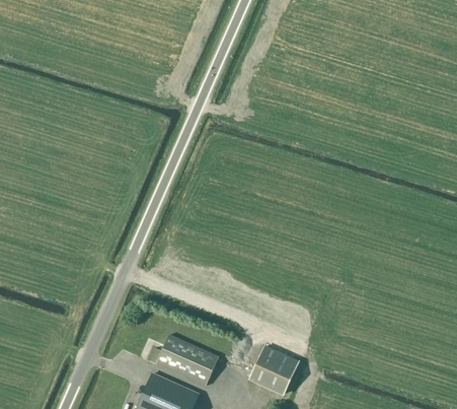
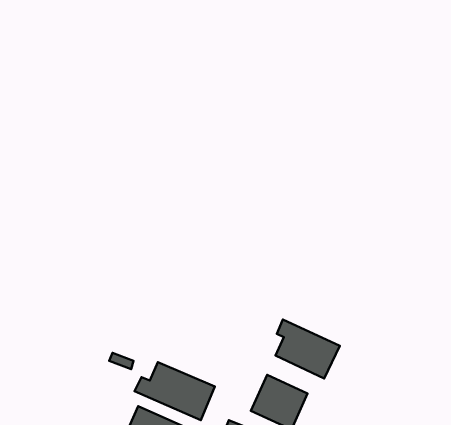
building: none -> [275,320,340,378]

